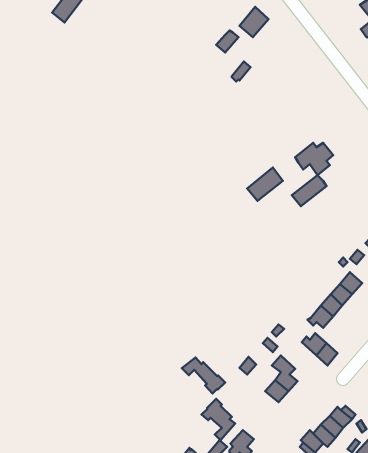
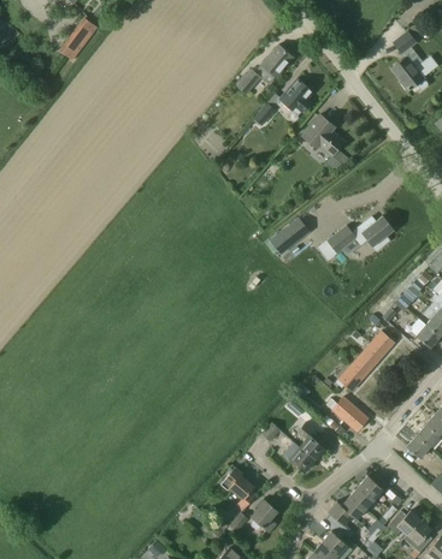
building: none -> [279,78,313,112]
building: none -> [302,114,344,156]
building: [295,143,333,175] -> [352,216,393,251]
building: [182,357,225,394] -> none

